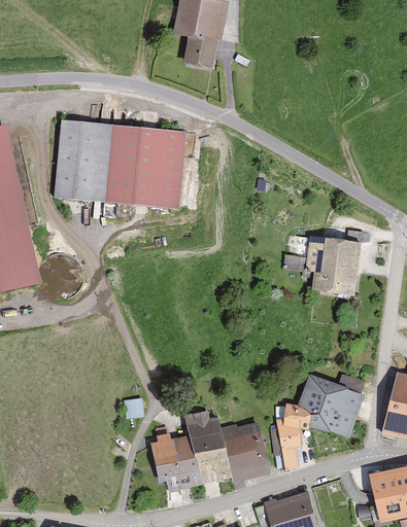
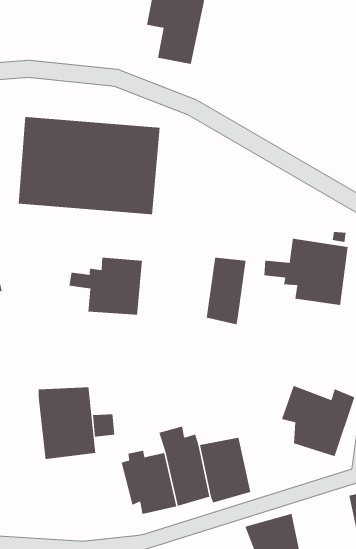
building: none -> [206,257,246,325]
building: none -> [69,257,142,315]
building: none -> [38,387,96,460]
building: [275,400,311,469] -> none

